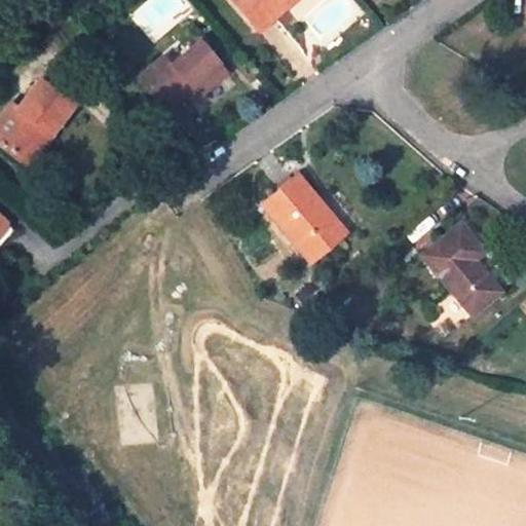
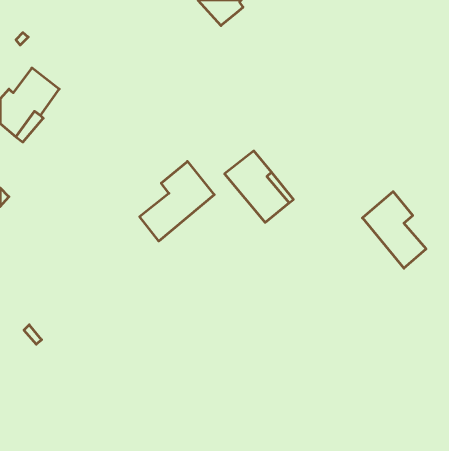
building: [140,39,228,109] -> none
building: none -> [140,161,214,241]

